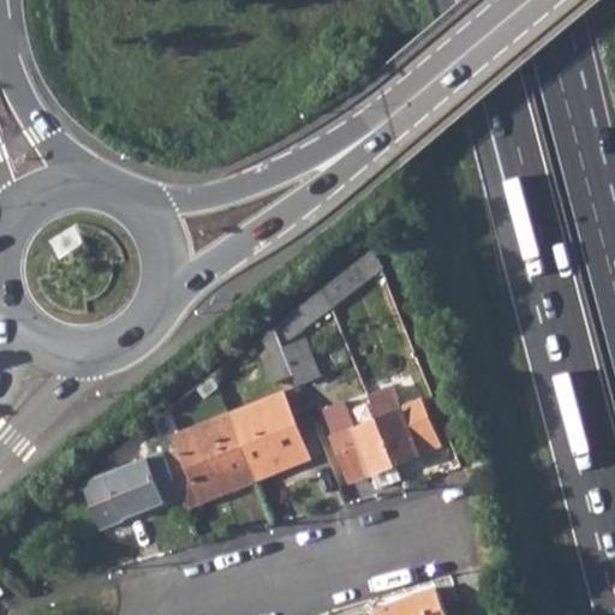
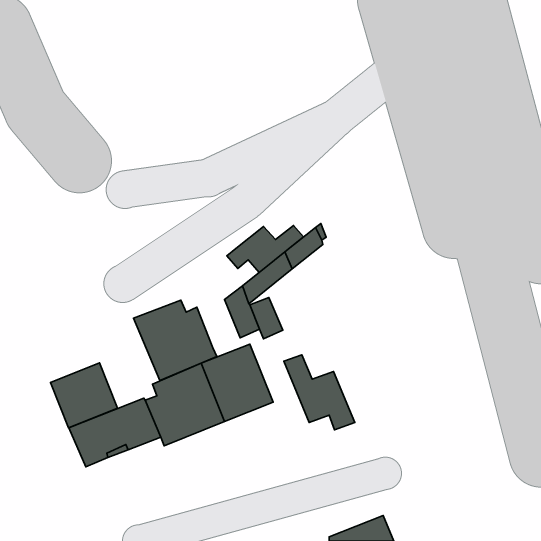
building: none -> [227,226,303,272]
building: none -> [134,300,217,380]
building: [369,387,440,465] -> none
building: none -> [51,363,118,428]

